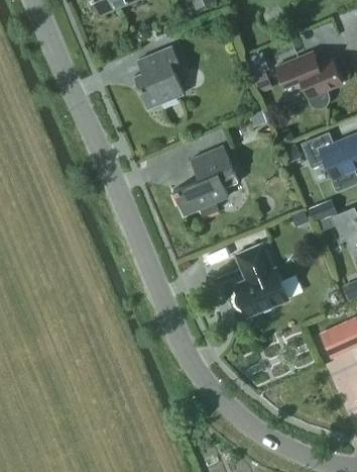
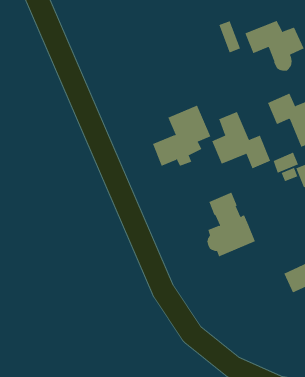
building: [134,45,185,107] -> none
building: none -> [211,111,271,169]

